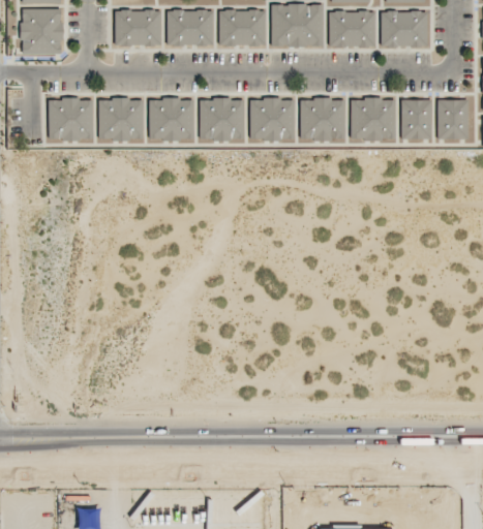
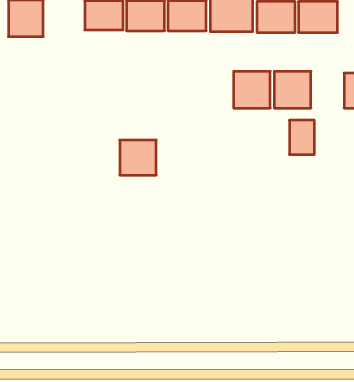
building: [49,98,94,144] -> none
building: [99,98,145,143] -> none
building: [201,98,246,144] -> none
building: [250,98,296,144] -> none
building: [150,99,195,143] -> [120,140,156,175]
building: [402,100,433,143] -> [289,120,314,154]

